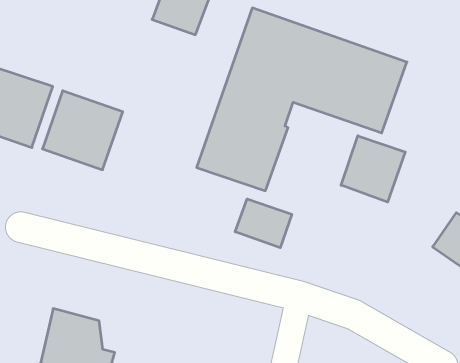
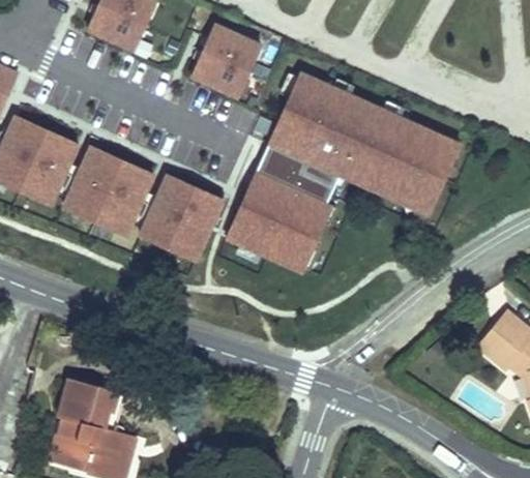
building: none -> [140,175,226,262]
building: [341,136,405,202] -> none
building: [235,199,292,248] -> none

